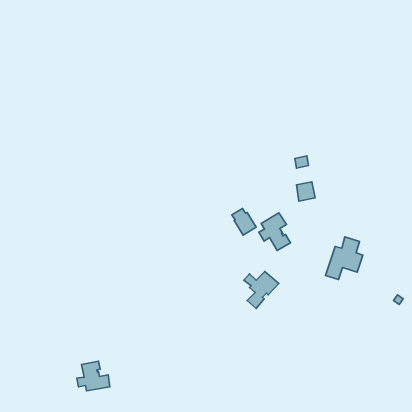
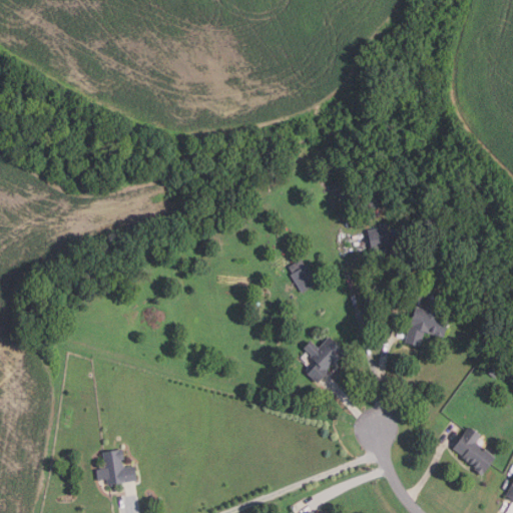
building: [259,213,290,251] -> none
building: none -> [452,427,495,476]

